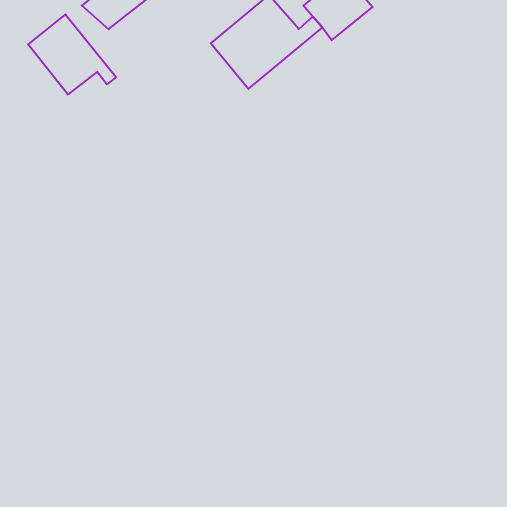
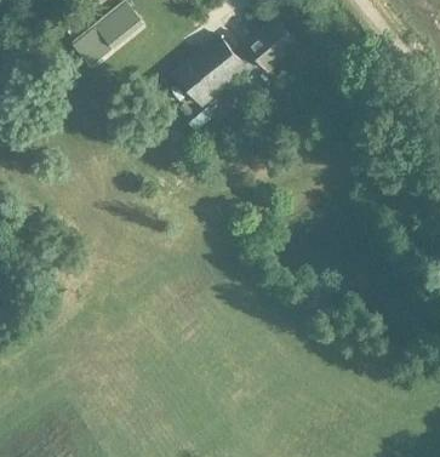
building: [28,14,116,94] -> none

